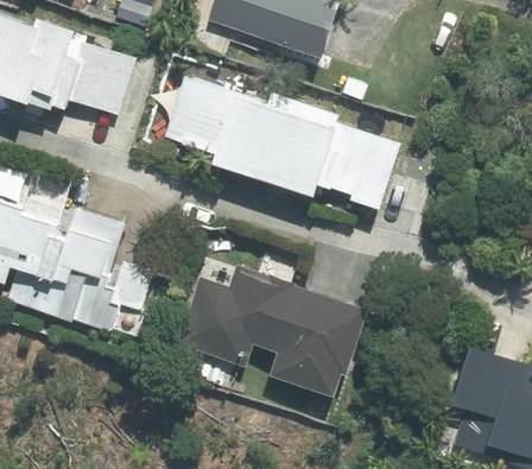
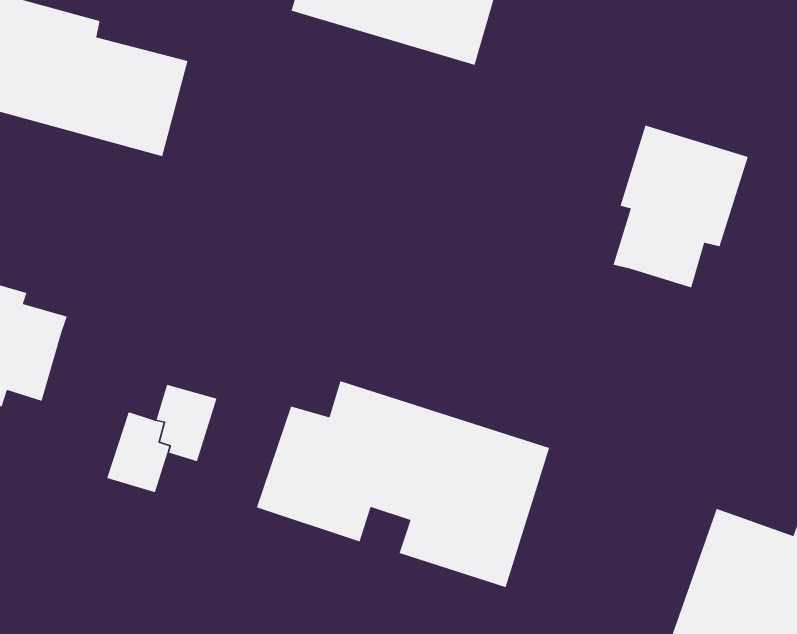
building: [162,76,401,204] -> none
building: none -> [613,125,749,288]
building: [28,210,121,325] -> none

